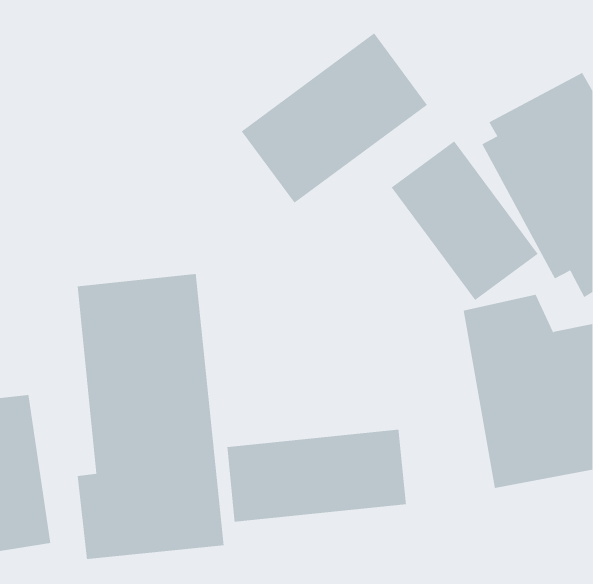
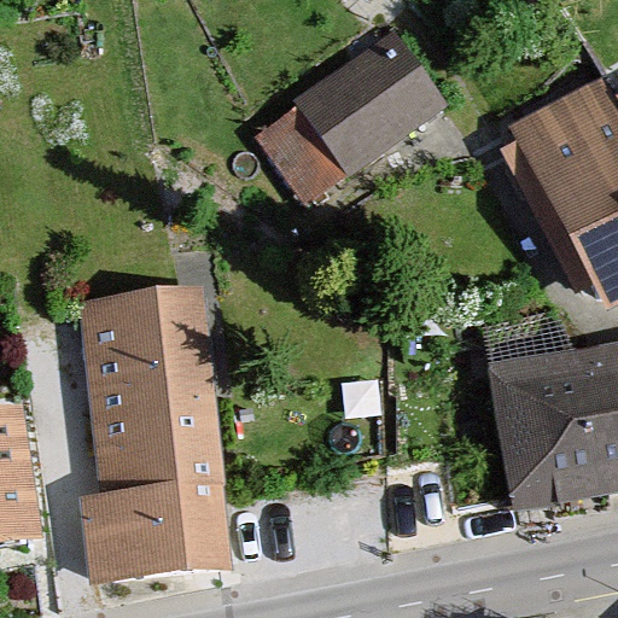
building: [391,140,538,301] -> none
building: [227,429,407,523] -> none

